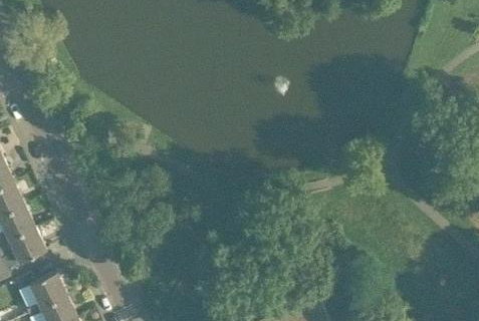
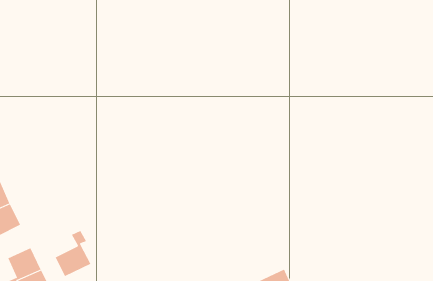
building: none -> [55,230,91,277]

